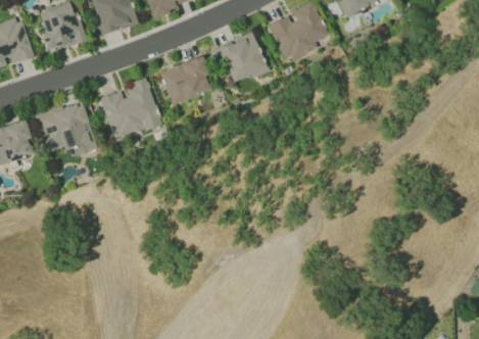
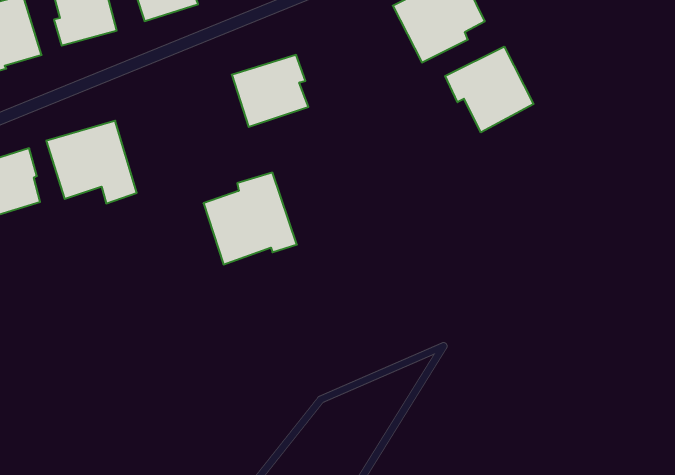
building: [217,32,268,84] -> none
building: none -> [445,47,534,132]
building: [100,78,162,139] -> [203,173,297,264]

